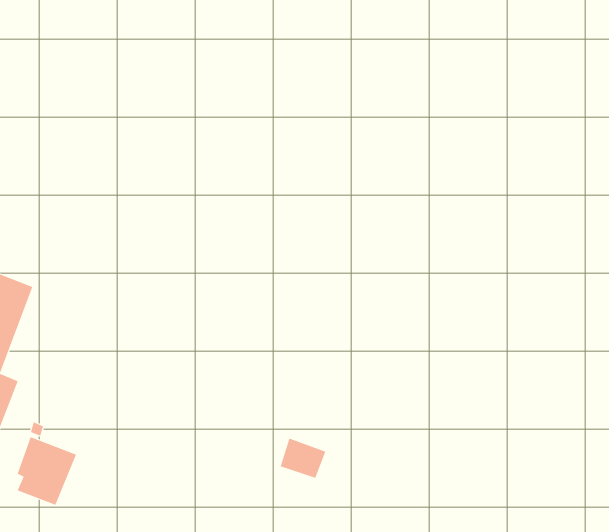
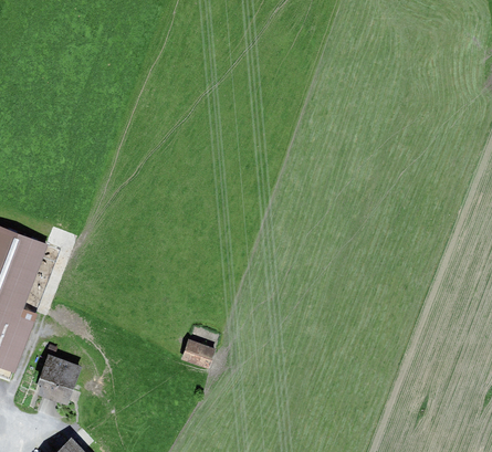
building: [280,438,326,478] -> [181,338,216,368]

